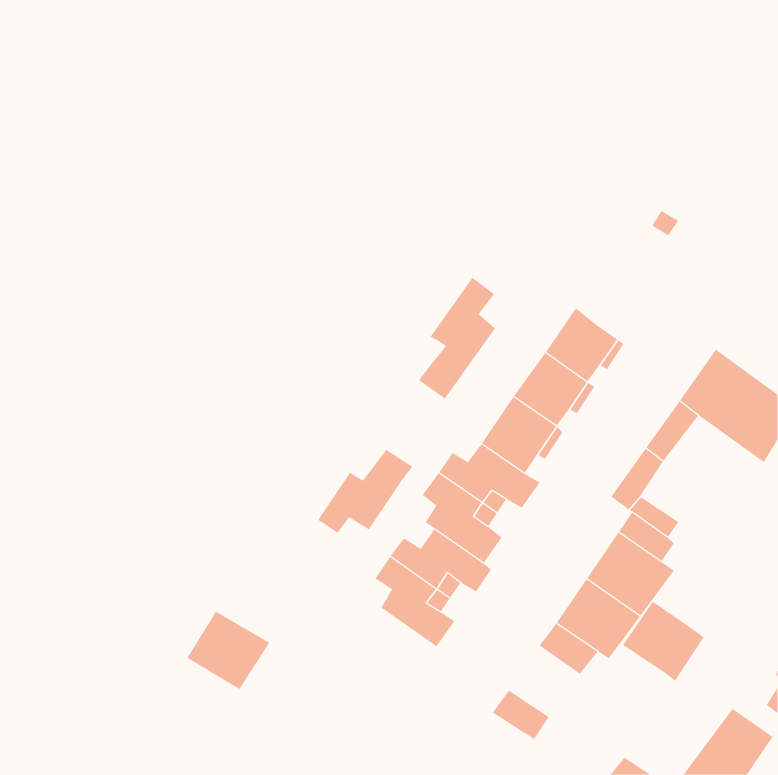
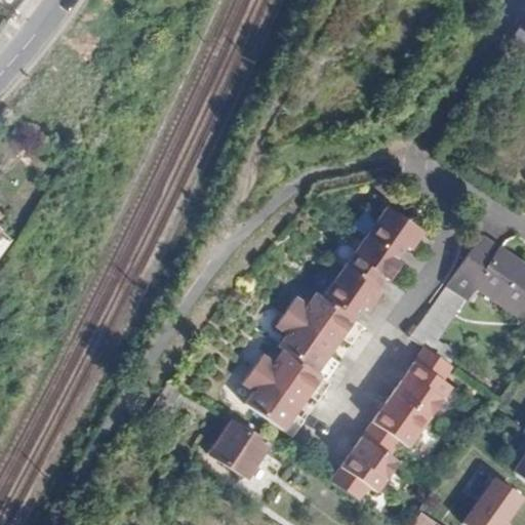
building: [418,277,496,399] -> none
building: [317,449,413,534] -> none
building: [622,601,704,681] -> [342,435,398,489]
building: [187,611,270,690] -> [210,422,267,476]

